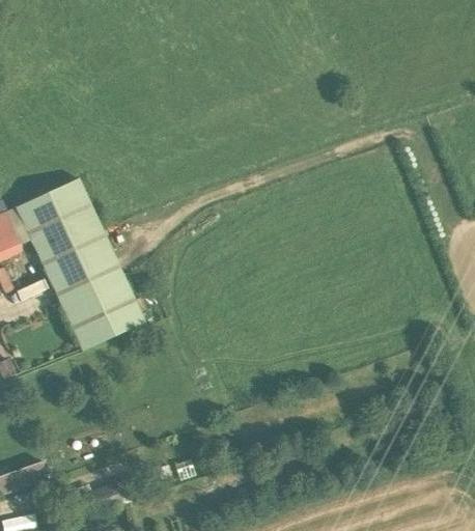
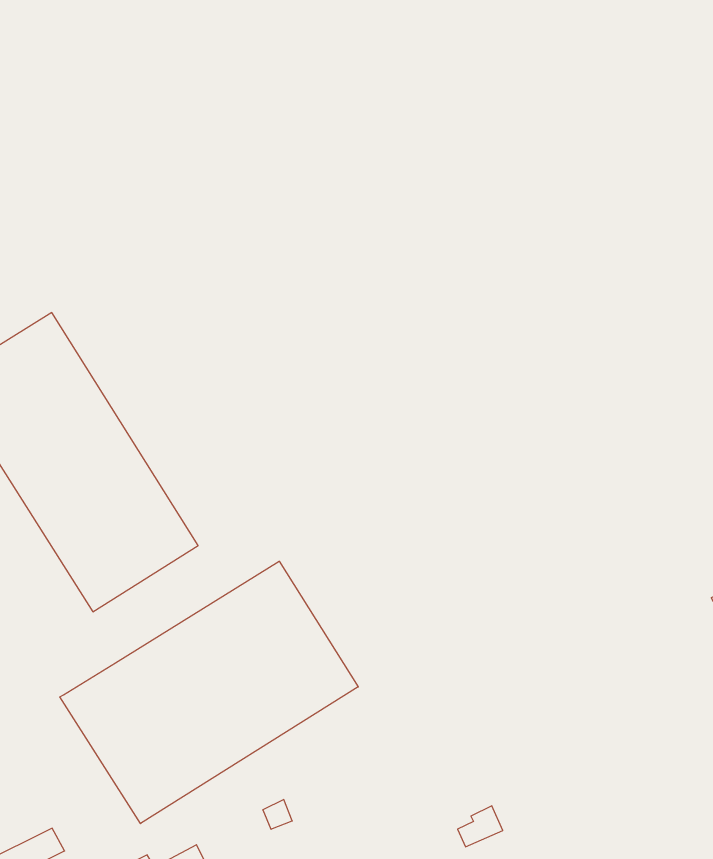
building: none -> [60,561,358,824]

